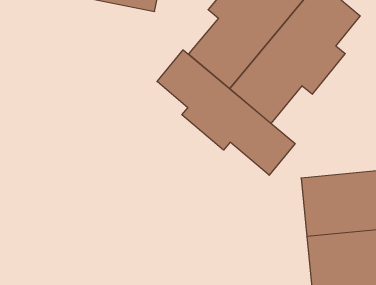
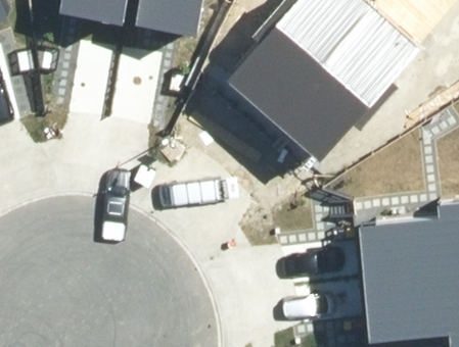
building: [157,50,295,175] -> none

